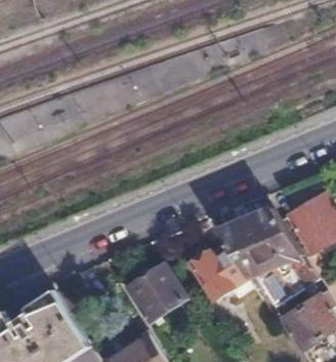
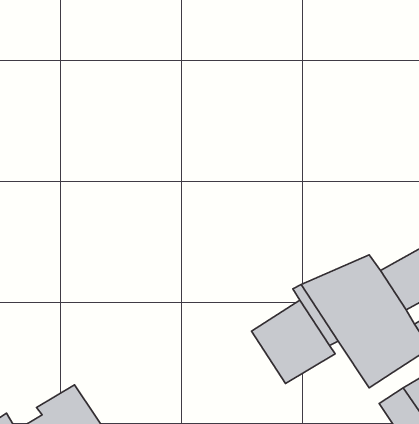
building: [129,263,186,320] -> none

